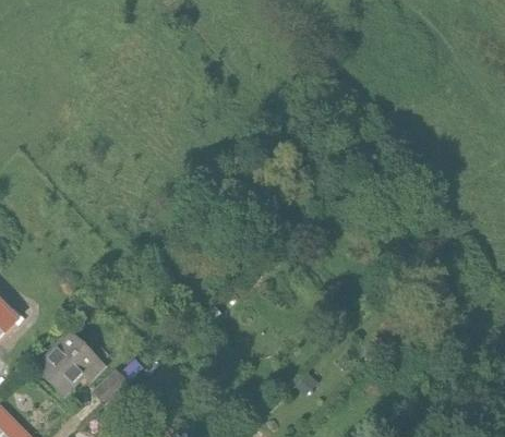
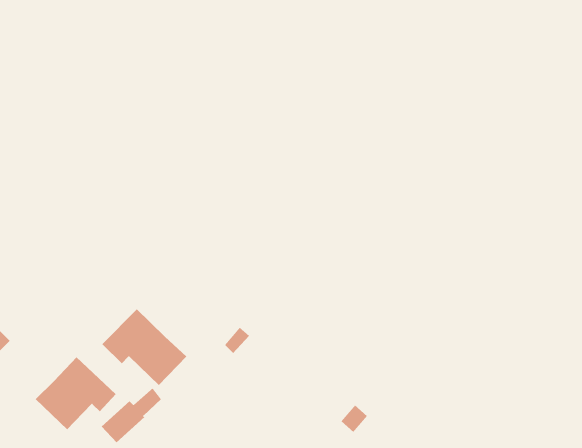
building: none -> [101,308,187,386]

